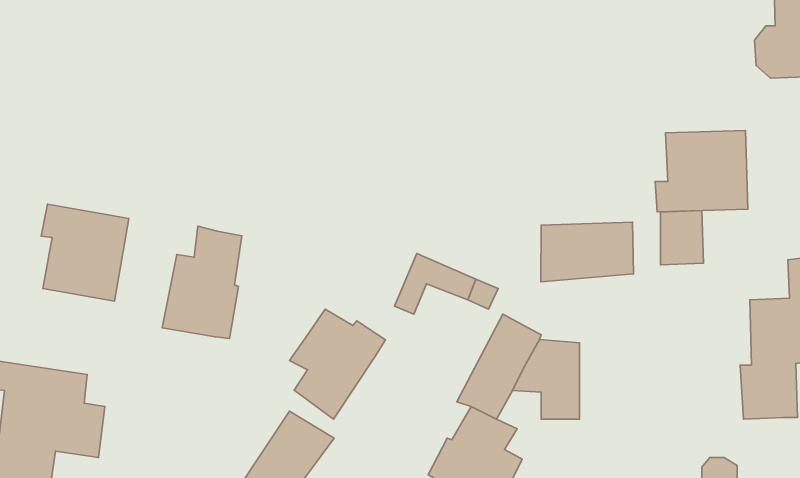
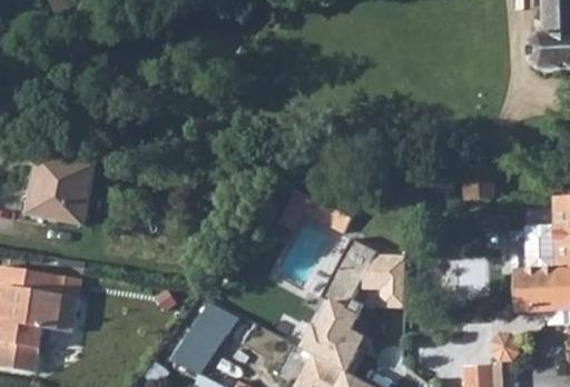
building: [655,130,748,212] -> none
building: [541,222,633,282] -> none
building: [162,226,242,339] -> none
building: [289,309,386,419] -> none

